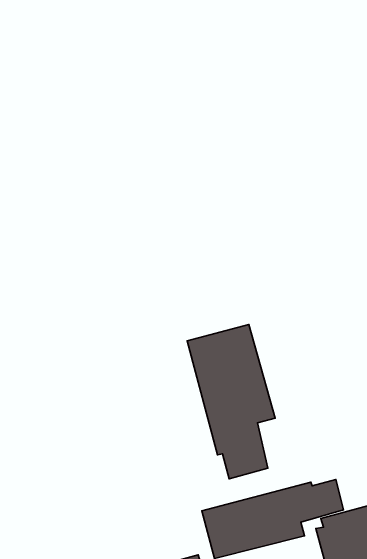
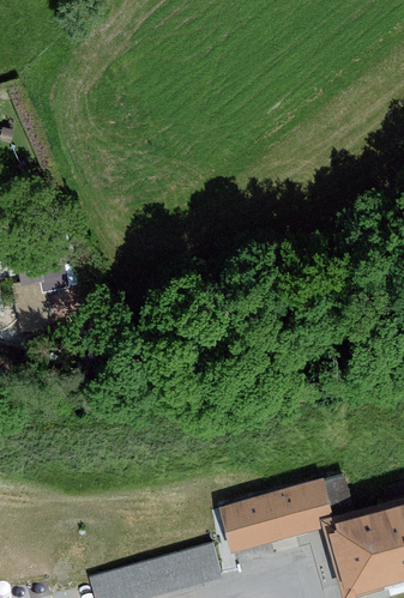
building: [187,324,275,479] -> none

